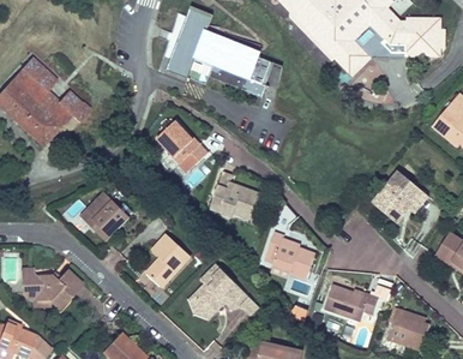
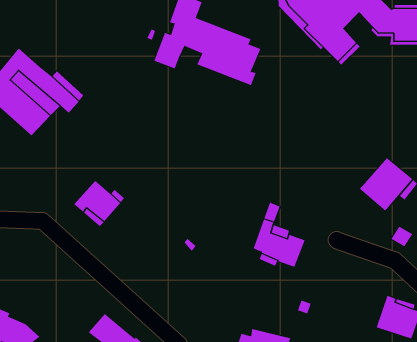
building: [157,119,210,173] -> none
building: [210,170,264,220] -> none
building: [145,233,192,288] -> none
building: [190,263,261,319] -> none
building: [23,268,83,310] -> none
building: [325,277,395,322] -> none

